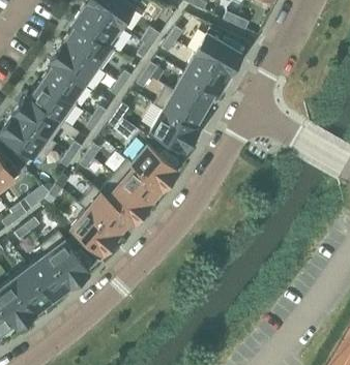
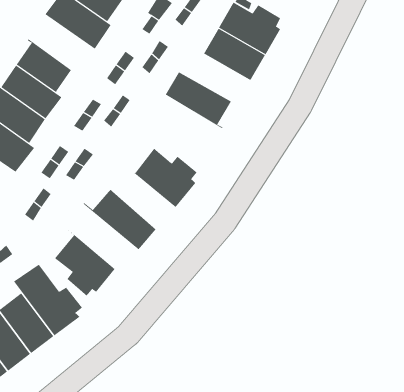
building: [51,43,101,86] -> none
building: [165,73,220,110] -> none
building: [150,104,198,155] -> none
building: [113,160,163,207] -> none
building: [78,187,135,237] -> none

